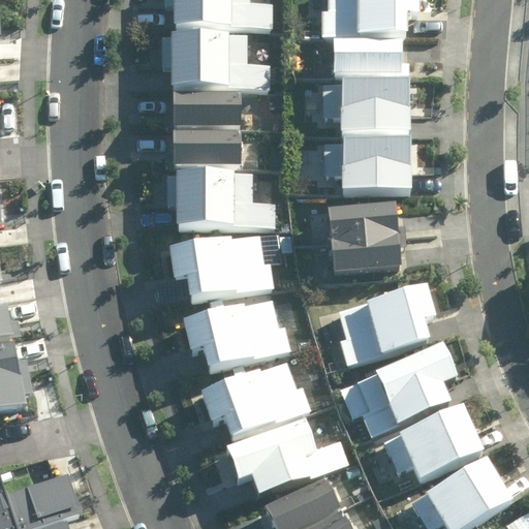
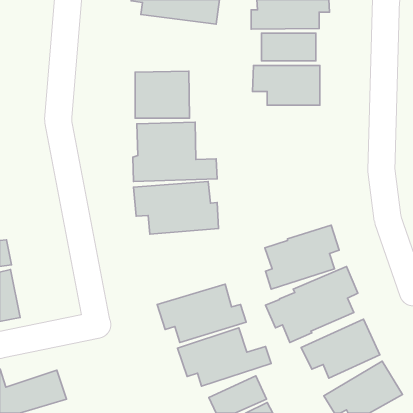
building: [160,28,272,89] -> none
building: [323,144,410,191] -> none
building: [322,199,400,269] -> none
building: [188,300,290,370] -> none

